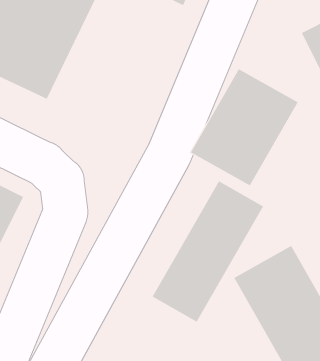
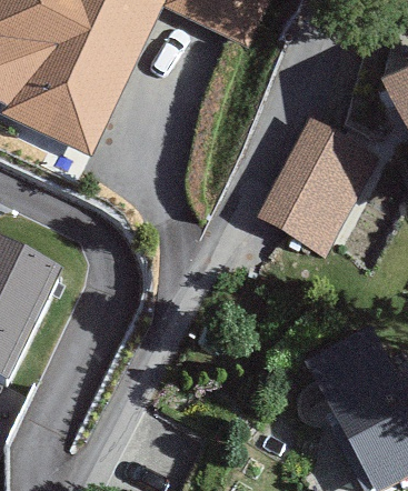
building: [152,181,264,323] -> none

